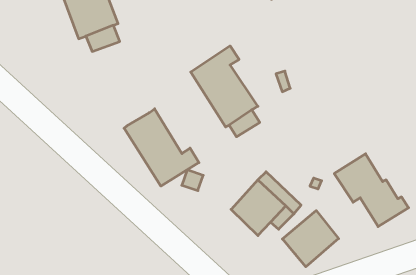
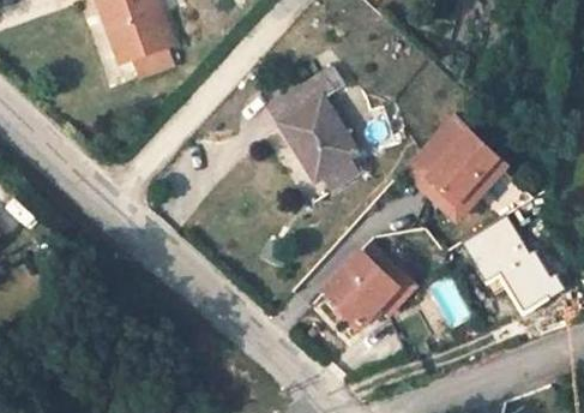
building: none -> [404,113,508,217]
building: [124,109,199,186] -> none
building: [282,211,339,267] -> none

